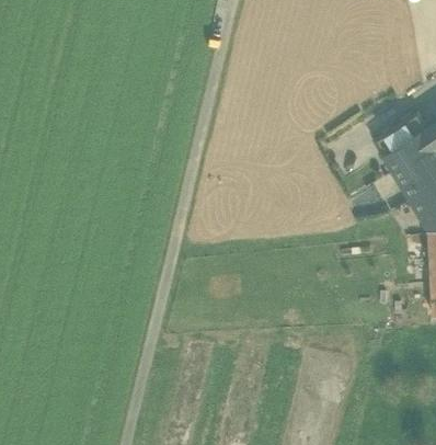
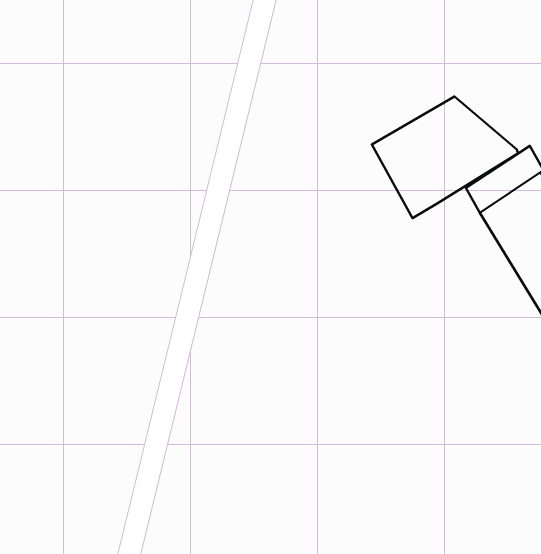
building: none -> [372,96,519,218]

